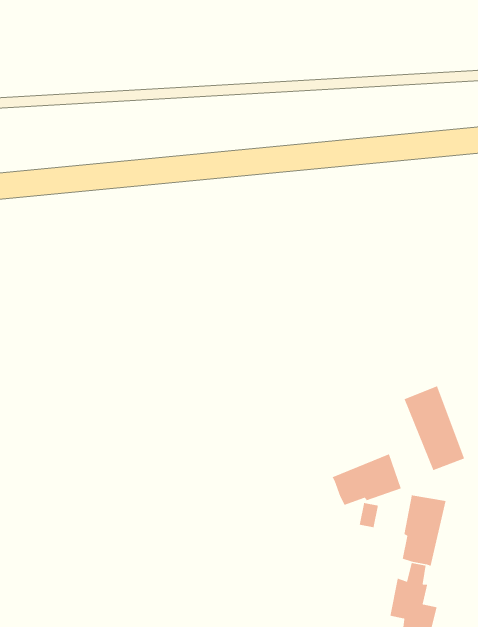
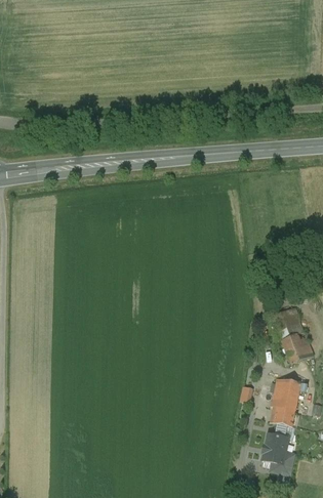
building: [331,453,402,506] -> none

